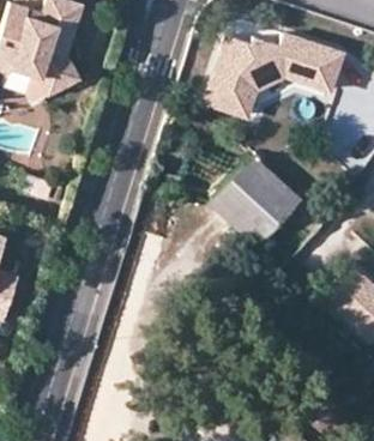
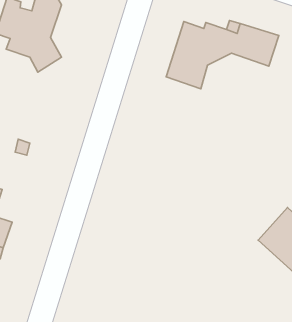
building: [212,156,302,244] -> none

